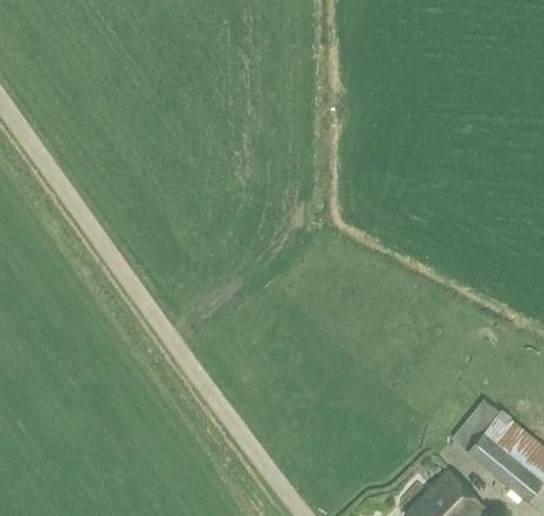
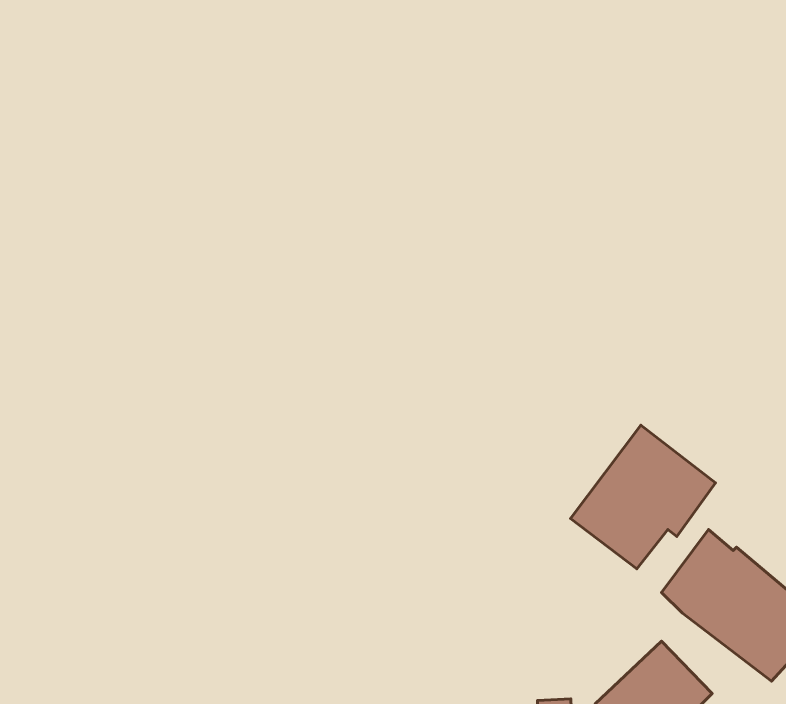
building: none -> [571,425,716,569]

